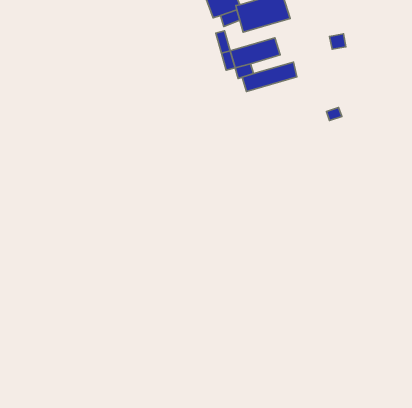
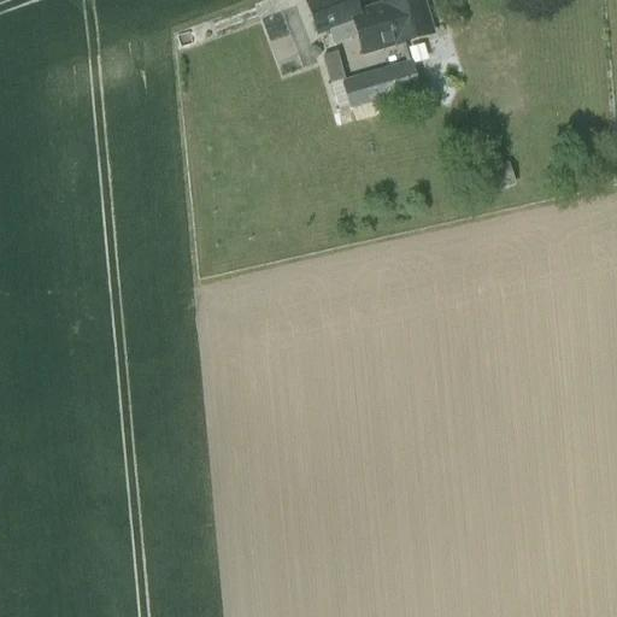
building: [242,62,297,91] -> none

